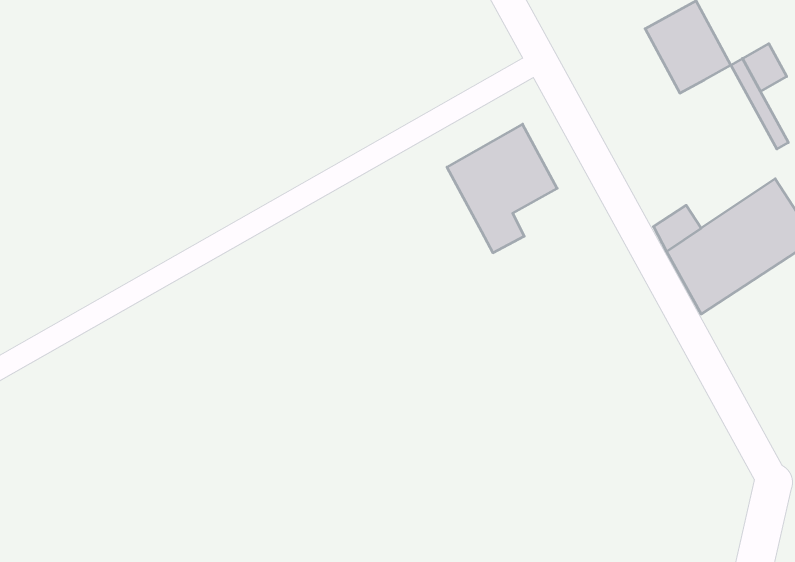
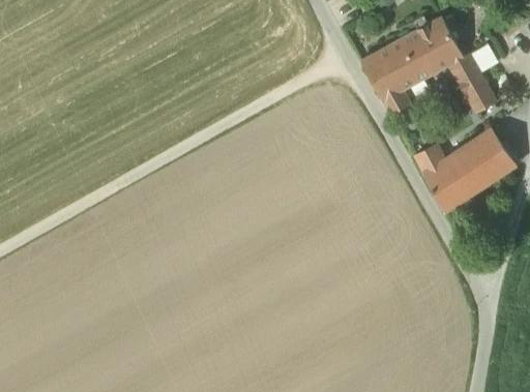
building: none -> [445,57,491,116]
building: [447,124,557,253] -> [360,34,430,115]

